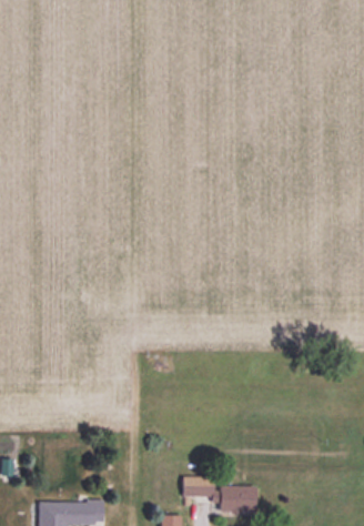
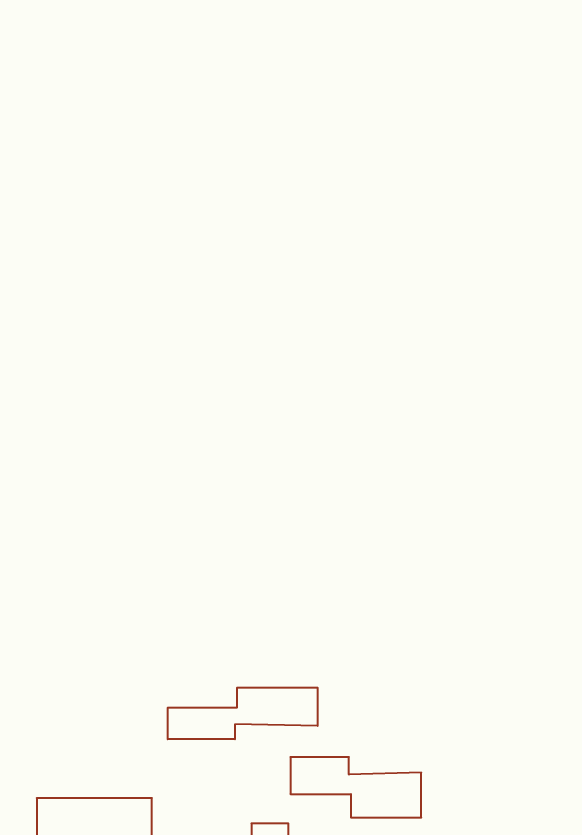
building: none -> [168,688,318,739]

